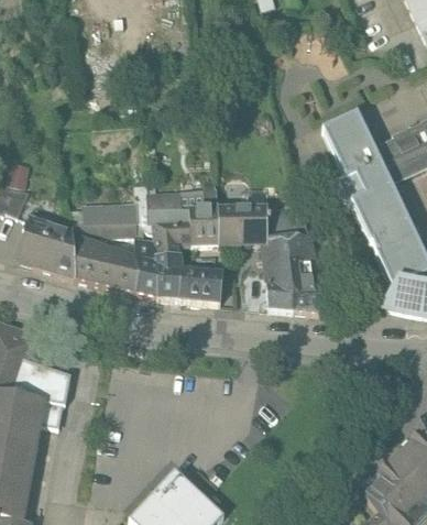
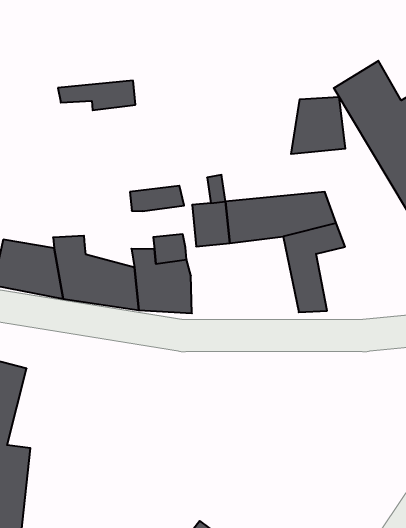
building: none -> [291,97,345,154]
building: [153,212,194,247] -> none
building: [77,216,139,237] -> [58,81,135,110]
building: [291,259,327,310] -> none
building: [185,270,228,304] -> none

